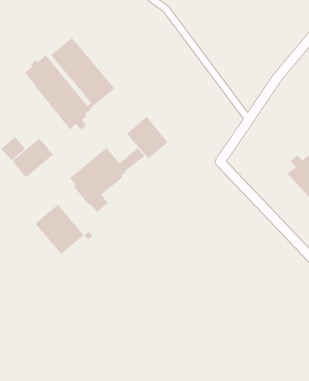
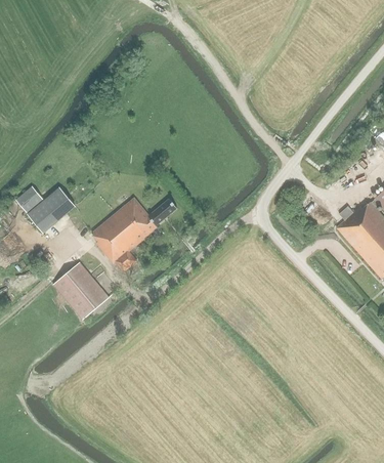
building: [24,37,115,131] -> none
building: [126,116,168,159] -> none

